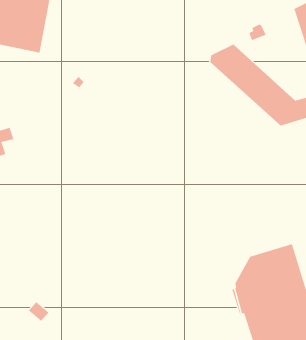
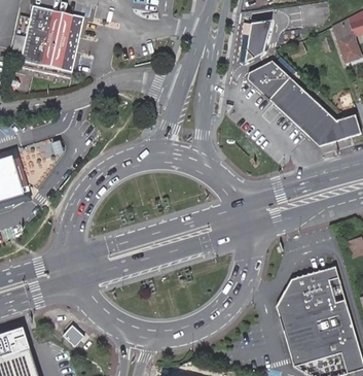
building: none -> [247,21,273,62]

